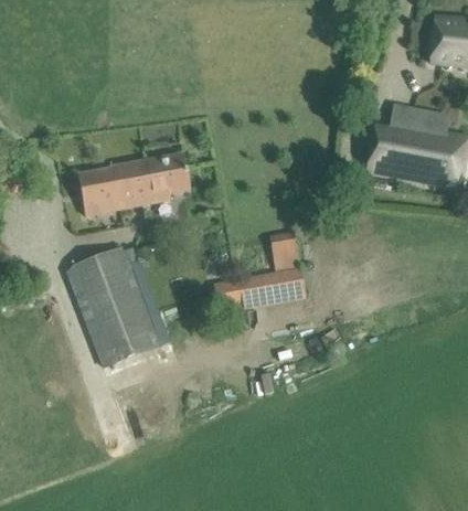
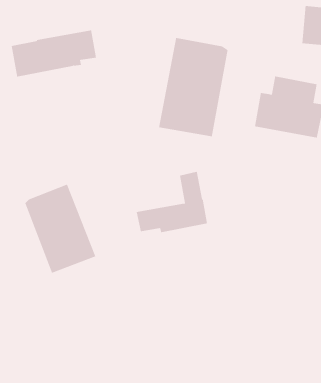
building: none -> [159,37,228,137]
building: [77,152,190,214] -> [11,30,97,77]

